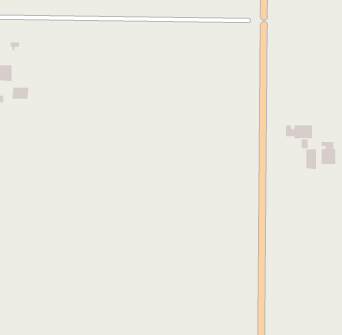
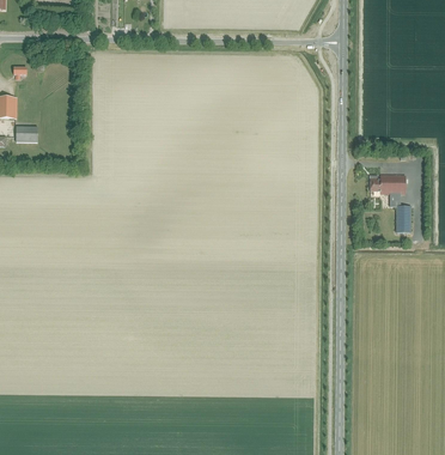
building: [321,141,336,165] -> none

